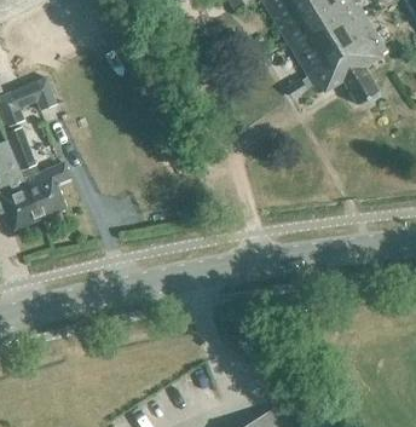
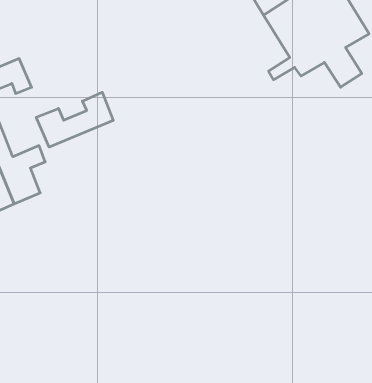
building: none -> [36,92,113,147]

